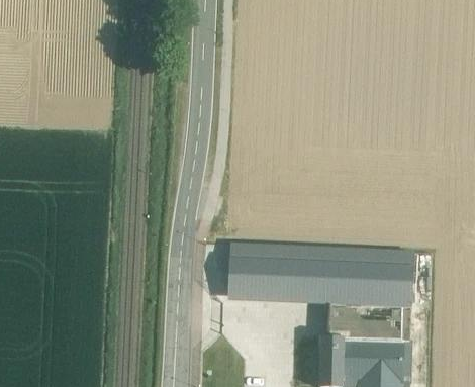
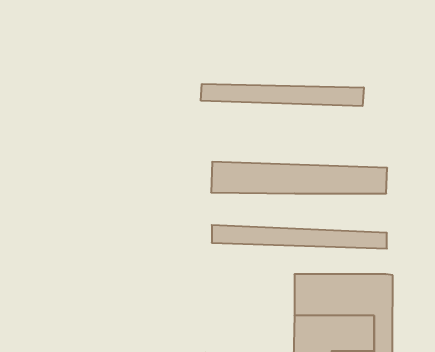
building: none -> [201,84,364,106]
building: [229,261,410,293] -> [211,162,387,193]

